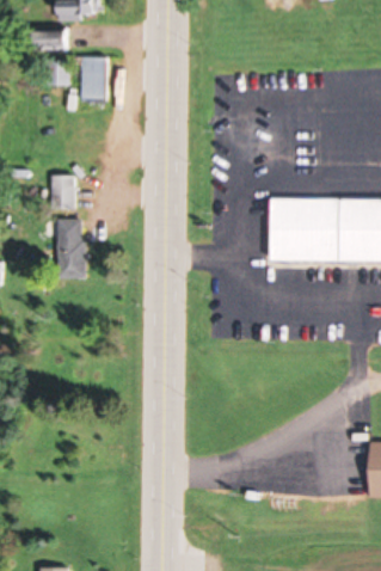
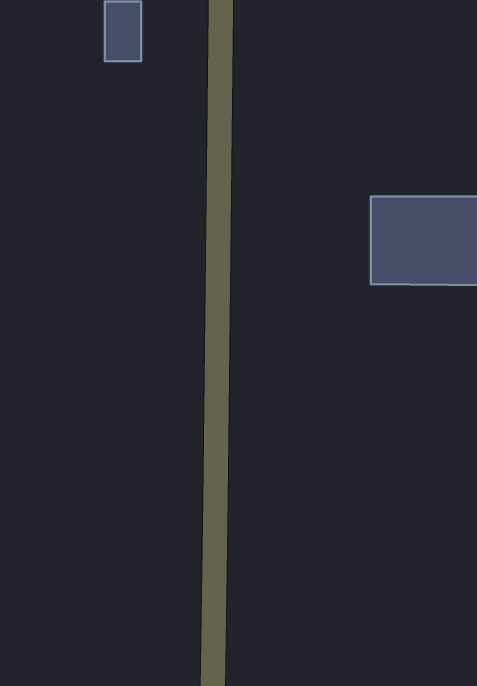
building: [49,176,73,211] -> none
building: [59,223,81,277] -> none

